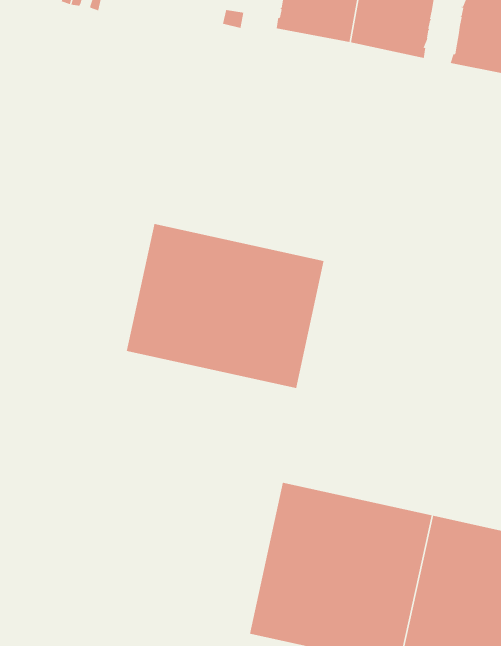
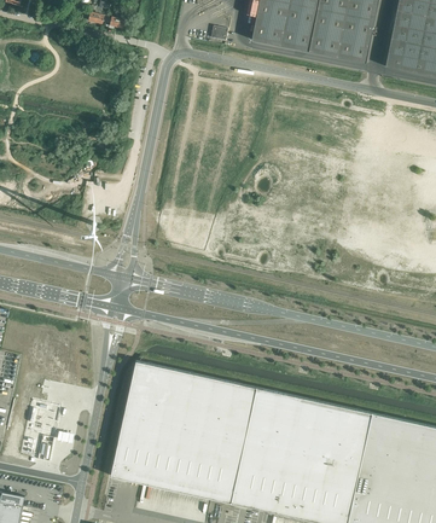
building: [126,223,324,389] -> none
building: none -> [110,360,256,502]

